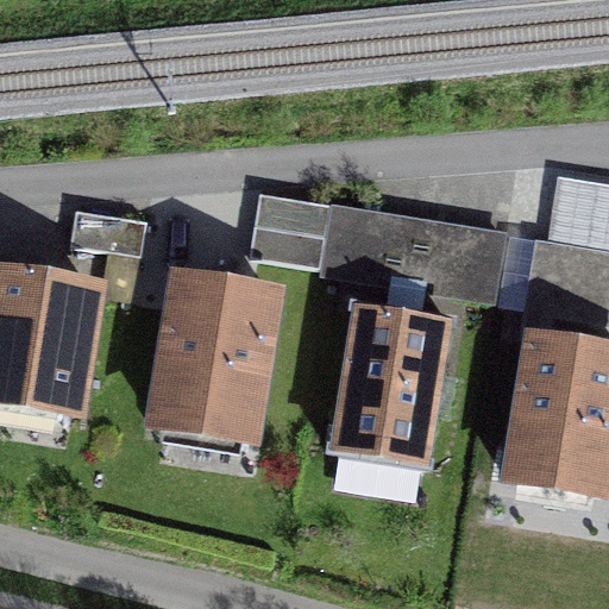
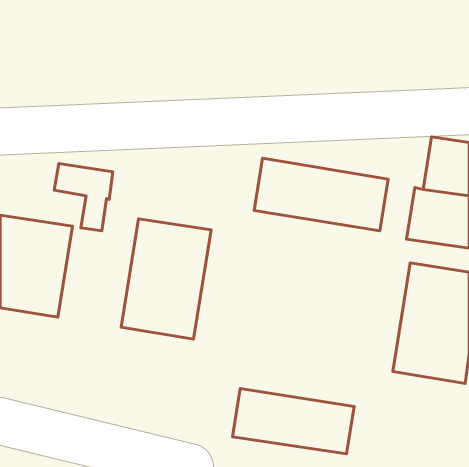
building: [250,195,331,270] -> none
building: [332,309,451,469] -> none
building: none -> [233,389,354,454]

